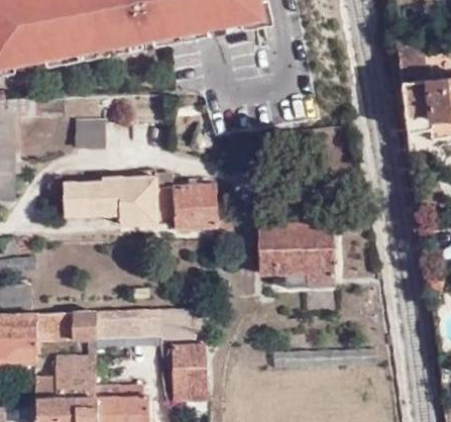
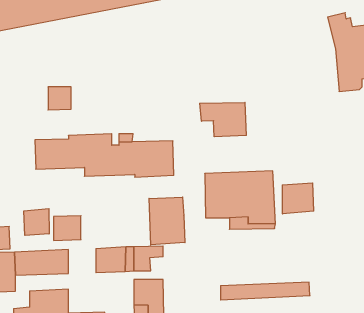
building: none -> [200,102,246,137]
building: none -> [282,183,314,214]
building: none -> [149,197,185,245]
building: none -> [24,209,49,235]
building: [99,312,130,340] -> [54,216,81,240]

